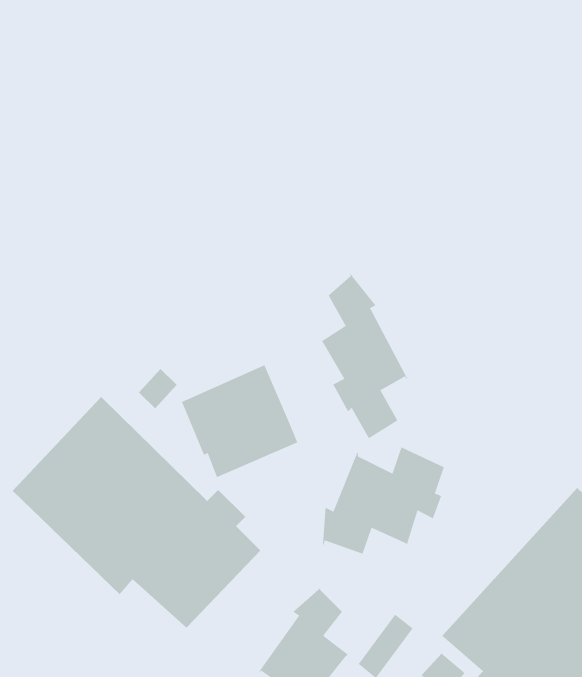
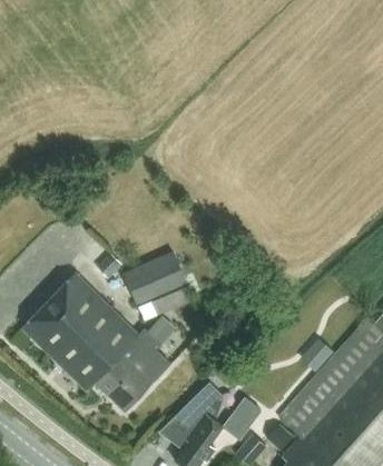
building: [321,266,408,439] -> none
building: [322,447,445,555] -> none

